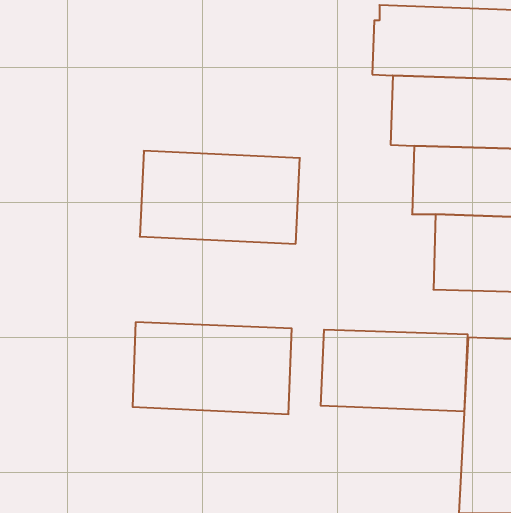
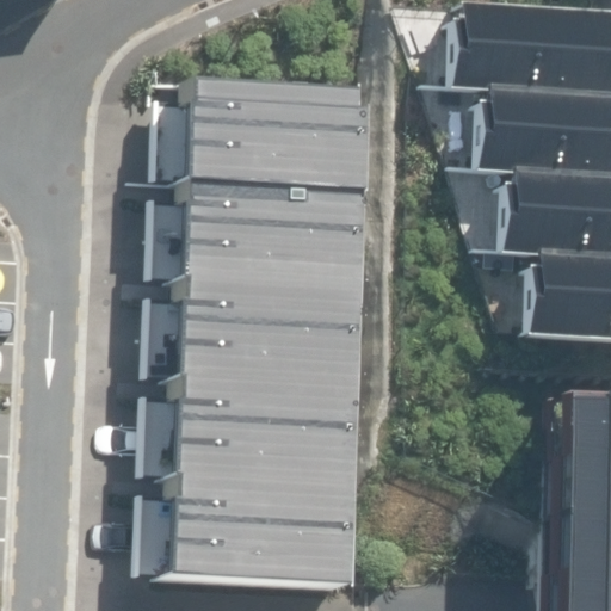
building: none -> [180,76,366,185]
building: none -> [171,277,358,384]
building: [321,330,468,411] -> none
building: none -> [162,476,350,585]

